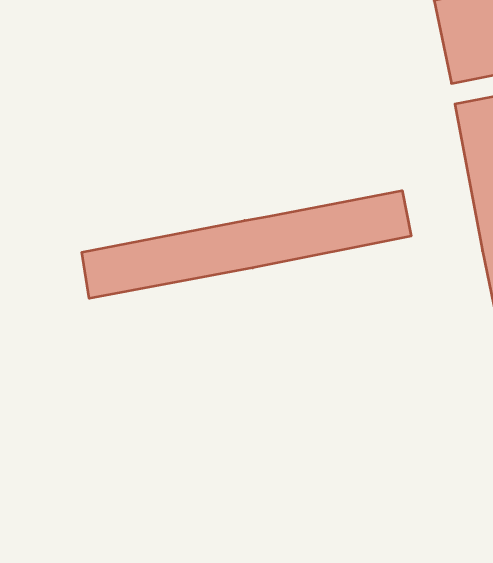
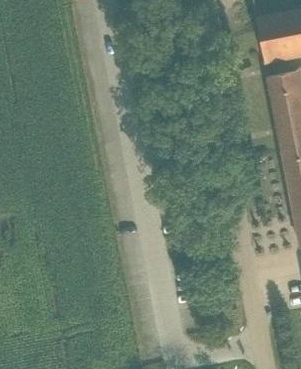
building: [82,191,411,298] -> none

